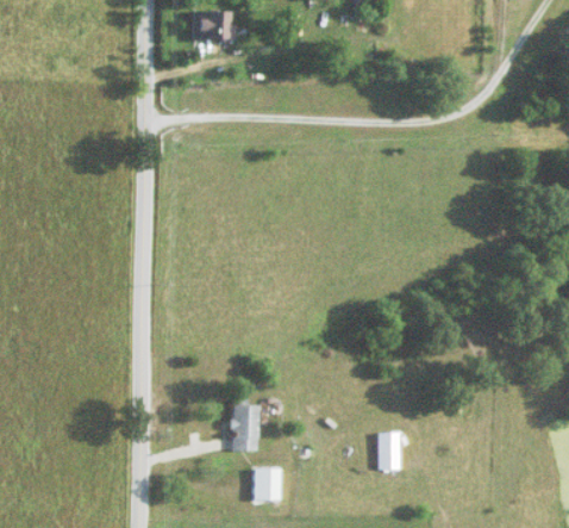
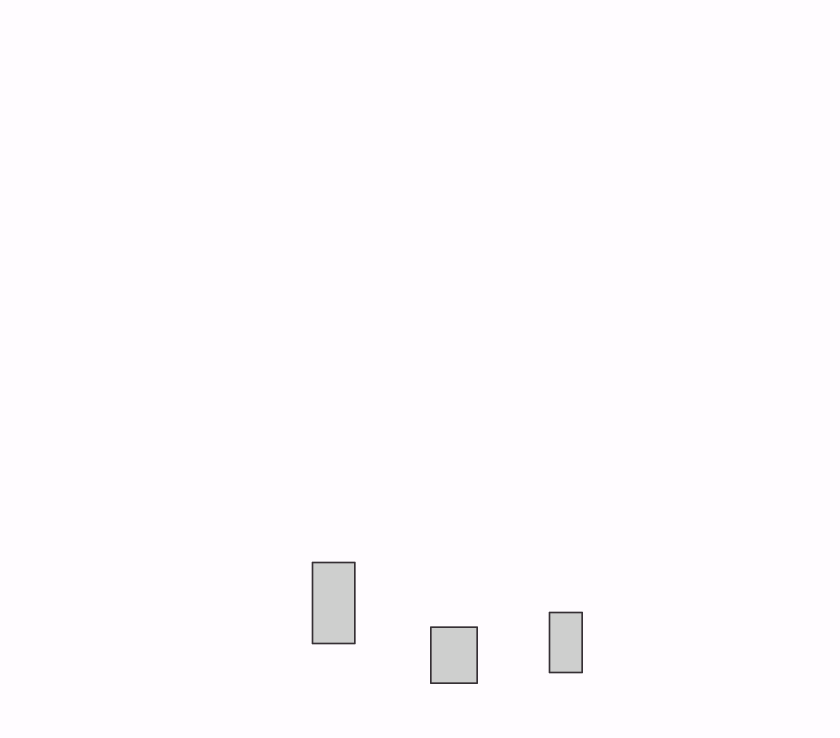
building: [255,468,283,503] -> [431,627,477,683]

